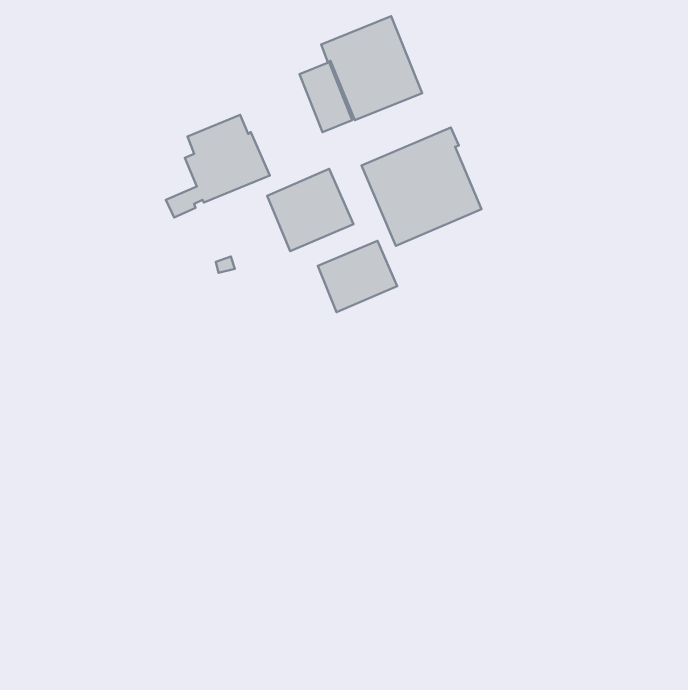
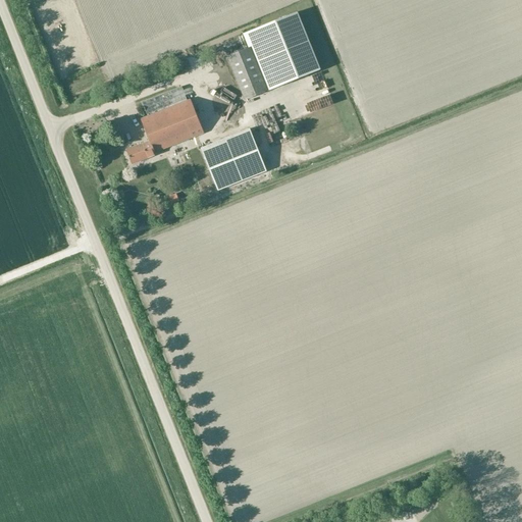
building: [361,127,481,246] -> none
building: [318,241,397,312] -> none

